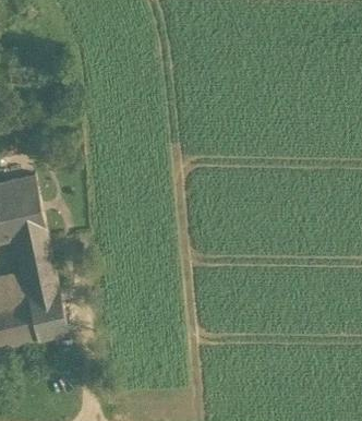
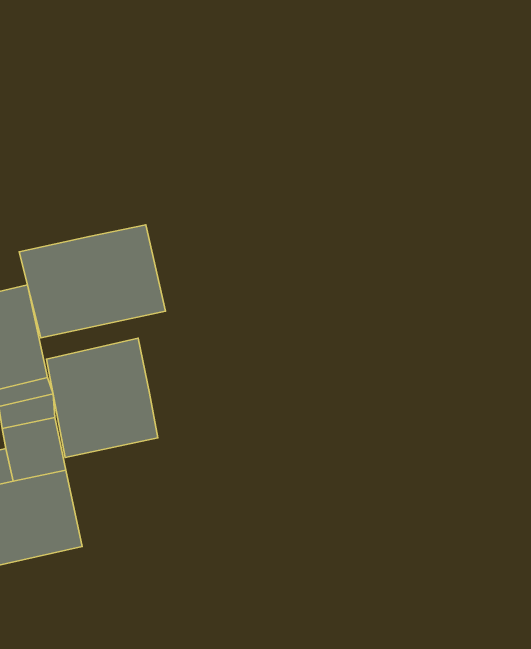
building: none -> [19,225,166,338]
building: none -> [46,338,158,457]

